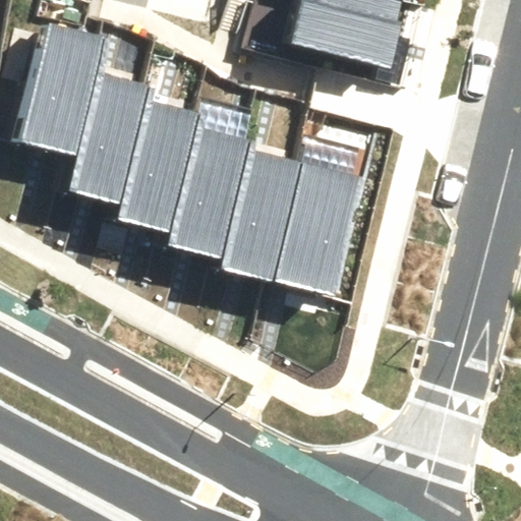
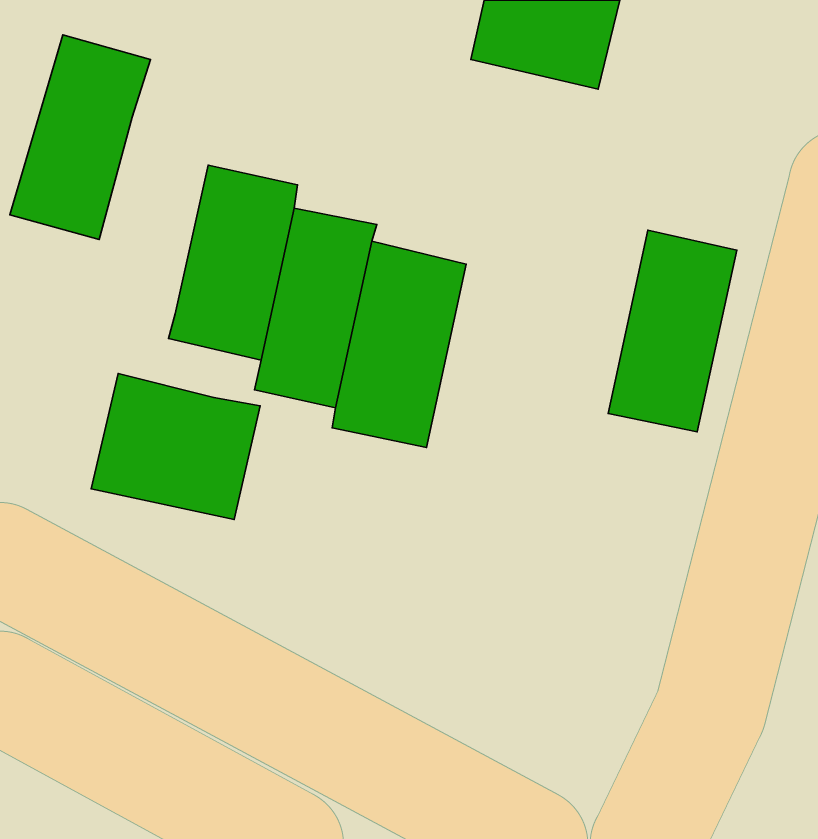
building: [69,75,149,196] -> none
building: [279,166,358,290] -> [608,230,737,432]
building: none -> [91,373,260,519]

